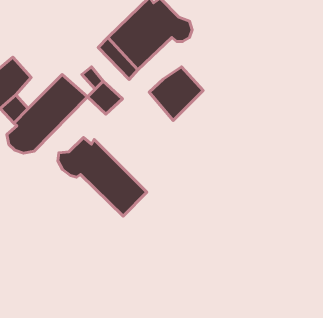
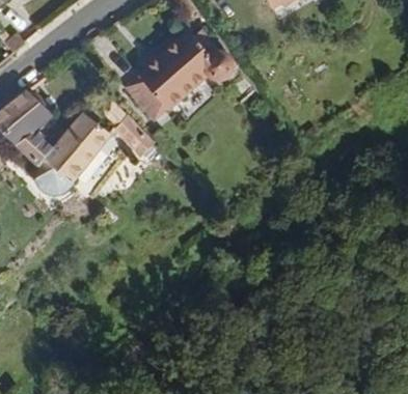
building: [149,67,203,121] -> none
building: [58,137,147,216] -> none

